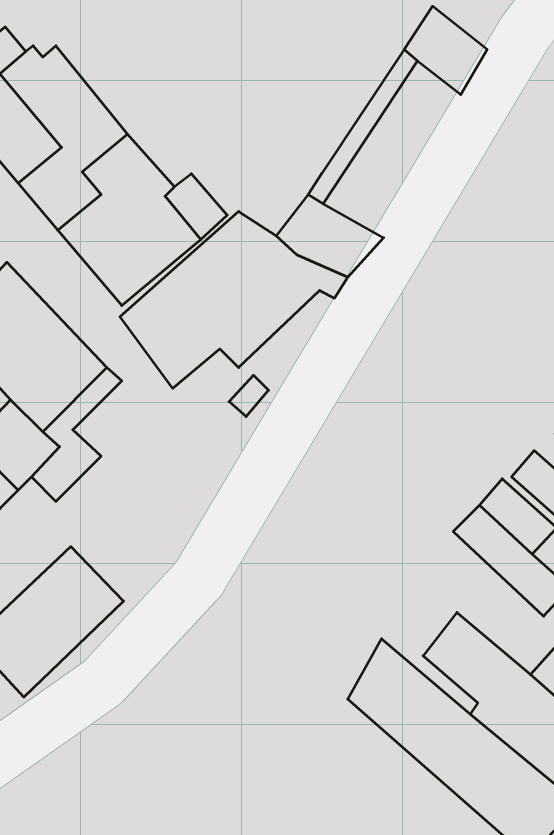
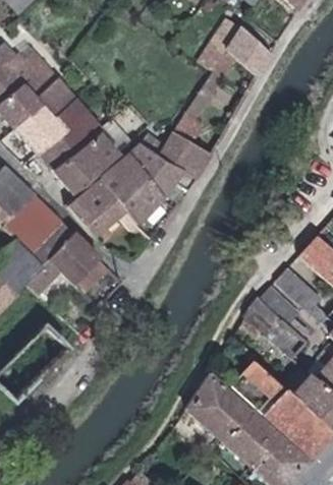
building: none -> [42,231,109,291]

